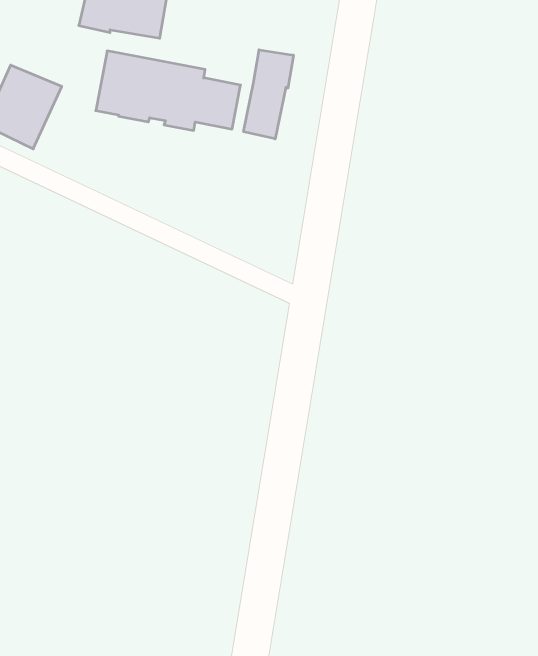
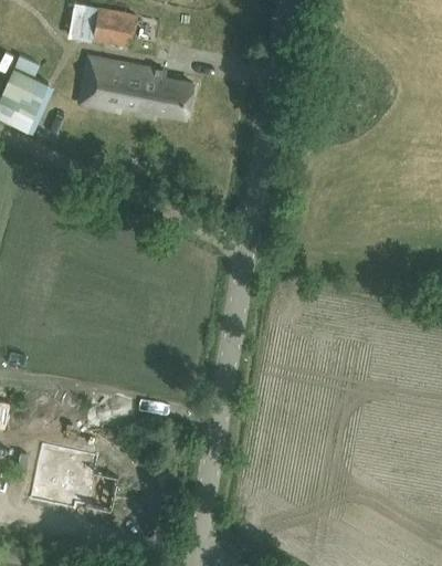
building: [244,50,293,139] -> none
building: none -> [31,444,117,511]

